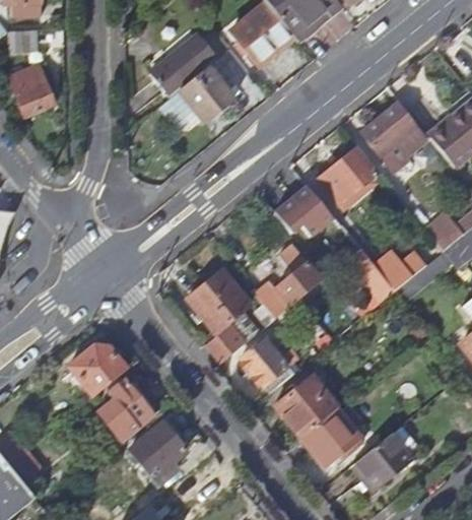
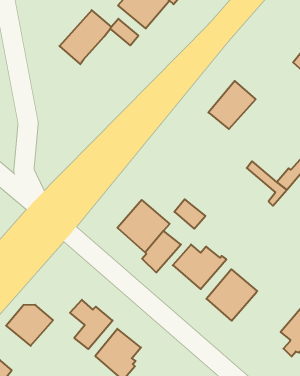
building: [178,66,233,122] -> none
building: [360,103,424,167] -> none
building: [273,185,332,236] -> none
building: [276,243,322,304] -> none
building: [68,344,126,395] -> [6,305,53,346]
building: [300,407,360,465] -> none

